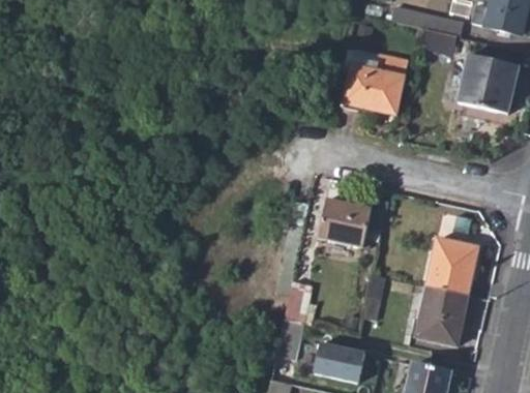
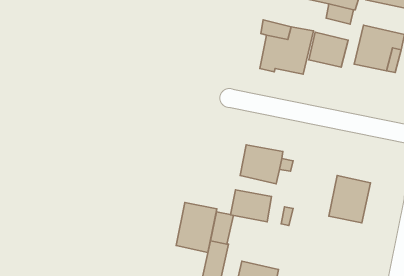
building: none -> [309,32,348,67]
building: none -> [231,190,271,222]
building: none -> [176,203,217,252]
building: [416,286,467,344] -> none

